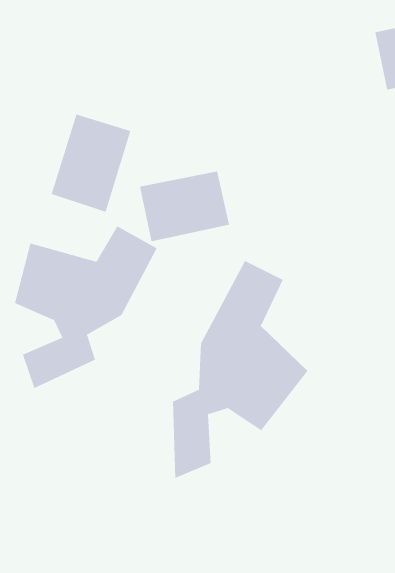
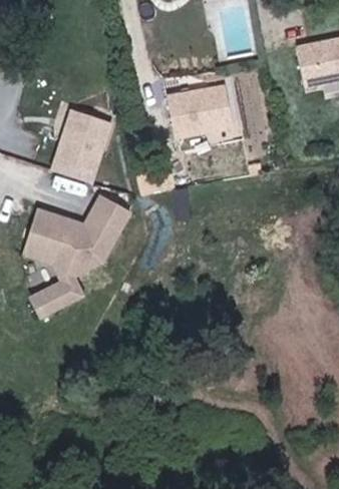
building: [139,171,230,242] -> [165,83,235,137]
building: [172,260,308,479] -> none

